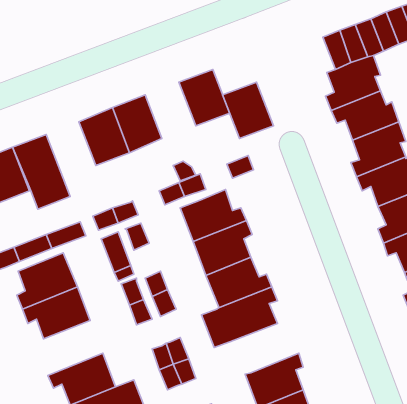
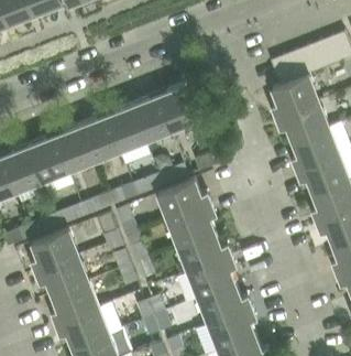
building: [223,82,273,139] -> [131,97,171,141]
building: none -> [54,128,92,172]
building: none -> [51,283,98,326]
building: none -> [199,285,251,324]

